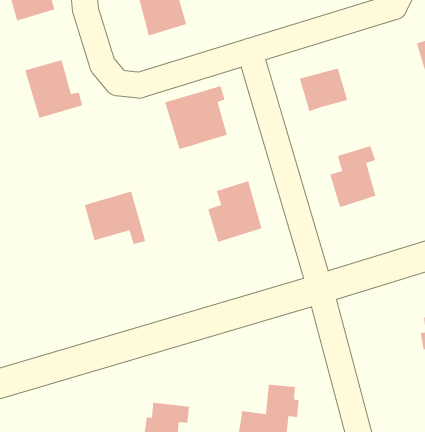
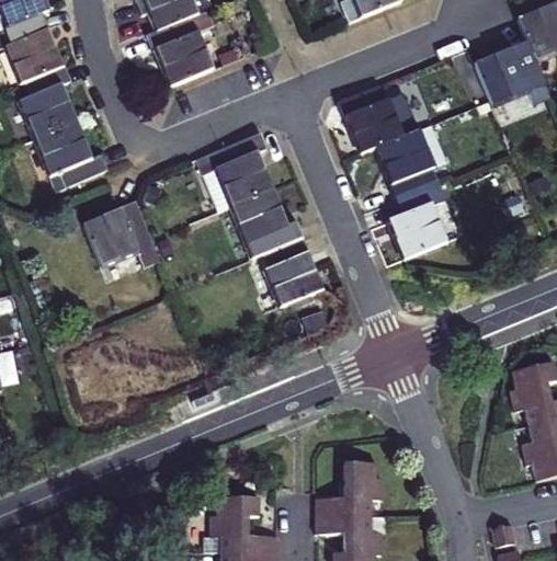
building: none -> [22,65,78,136]
building: none -> [376,124,445,198]
building: none -> [230,187,302,257]
building: [84,191,146,245] -> [84,202,159,263]

